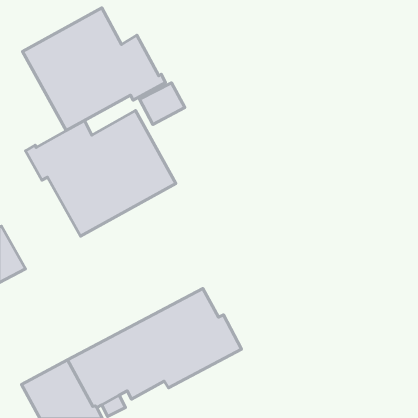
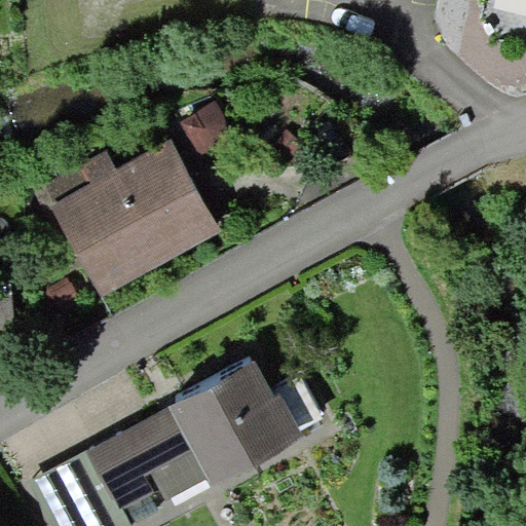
building: [22,8,165,131] -> none

